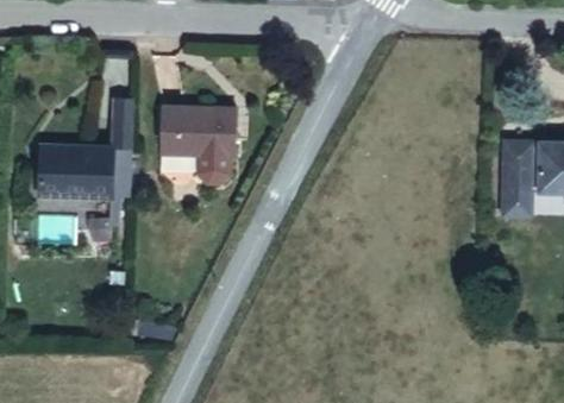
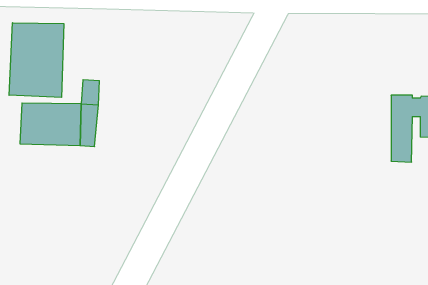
building: none -> [9,23,64,97]
building: [170,105,246,183] -> none

